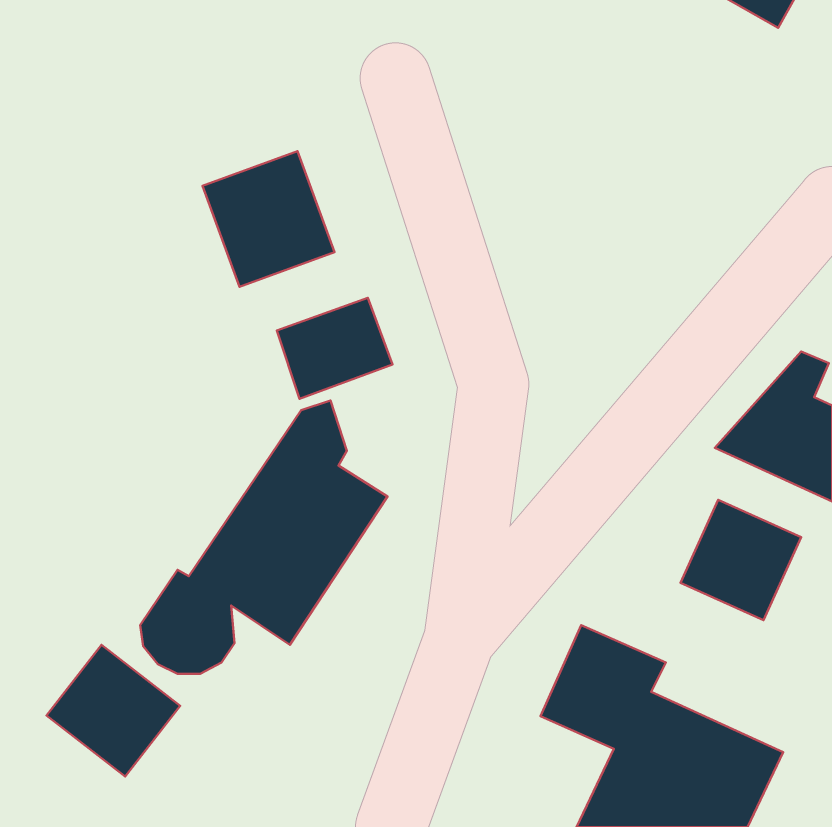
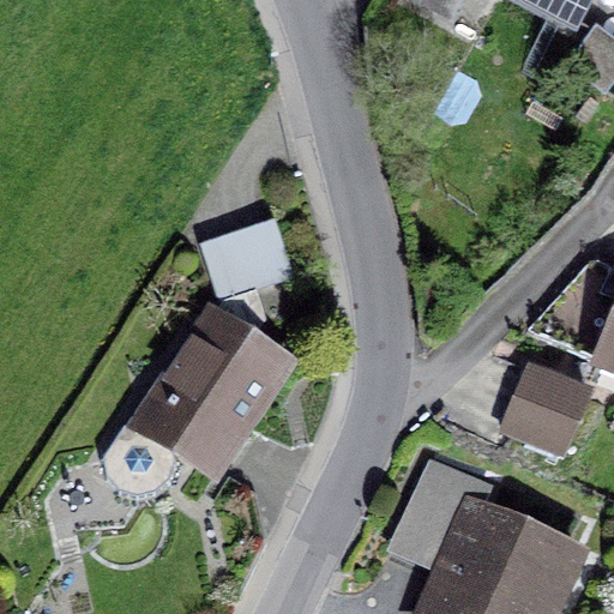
building: [203,151,334,287] -> none
building: [47,645,180,777] -> none

